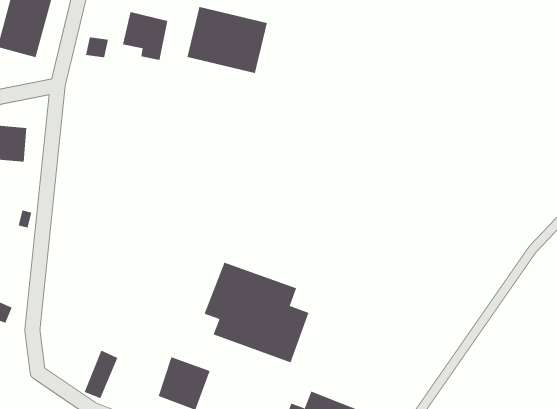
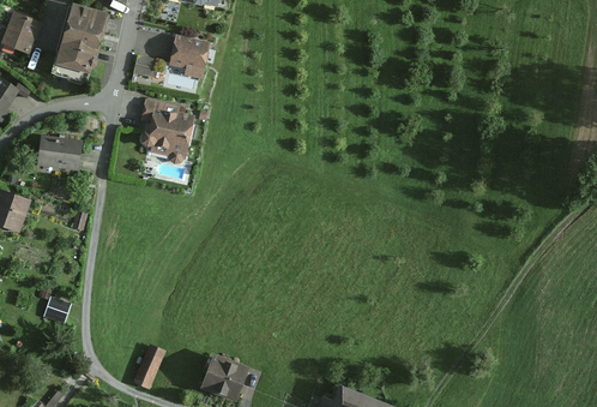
building: [187,6,268,74] -> none
building: none -> [140,100,194,163]
building: [204,262,309,363] -> none

